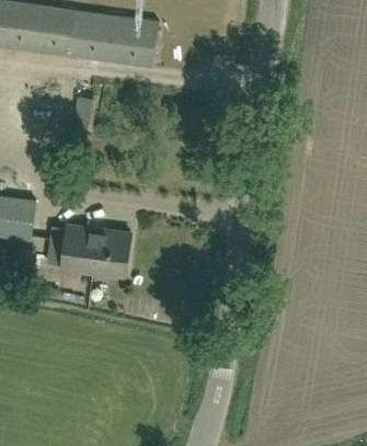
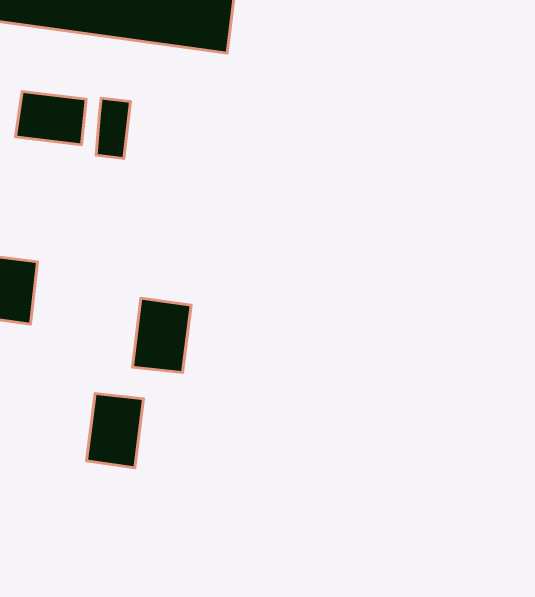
building: none -> [16,92,86,145]
building: [60,219,96,266] -> [87,394,144,468]

